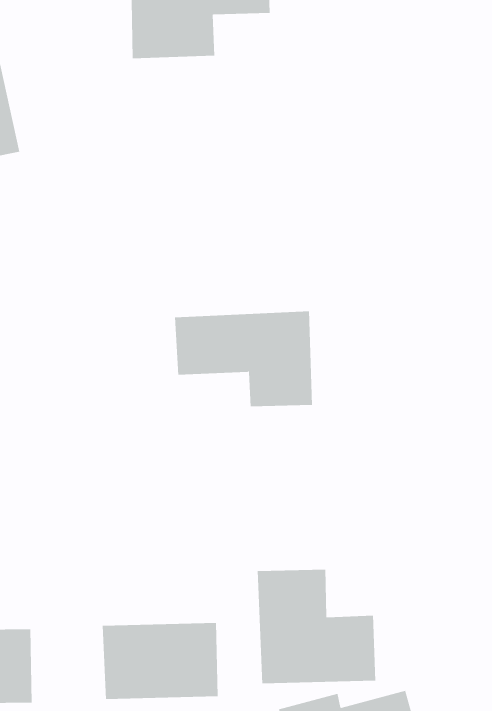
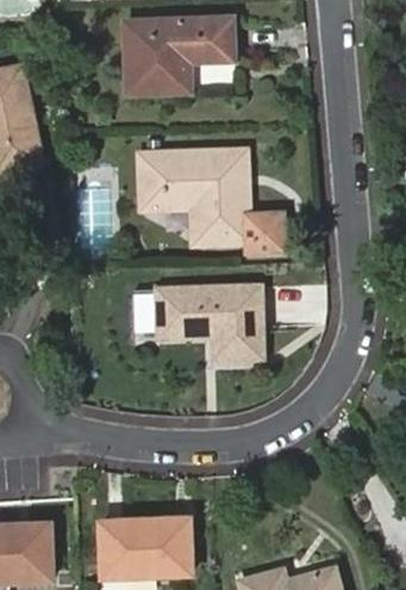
building: none -> [145,150,275,261]
building: [257,569,376,684] -> none

